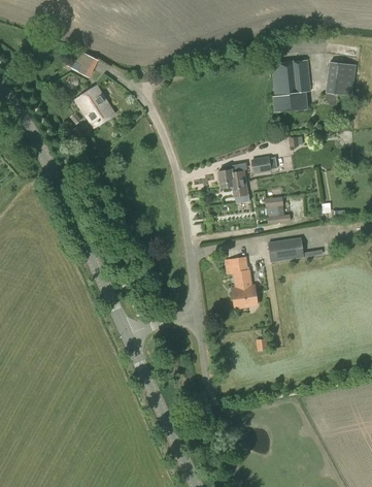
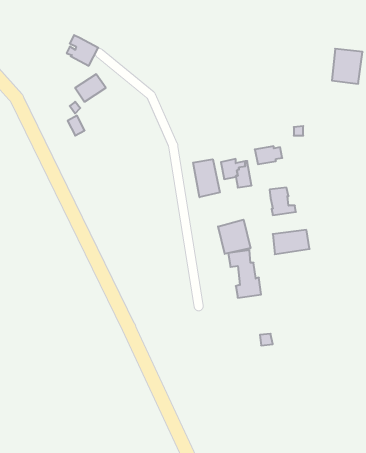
building: [271,59,310,111] -> none
building: [84,99,114,127] -> none
building: none -> [193,159,220,197]
building: none -> [218,220,250,254]

